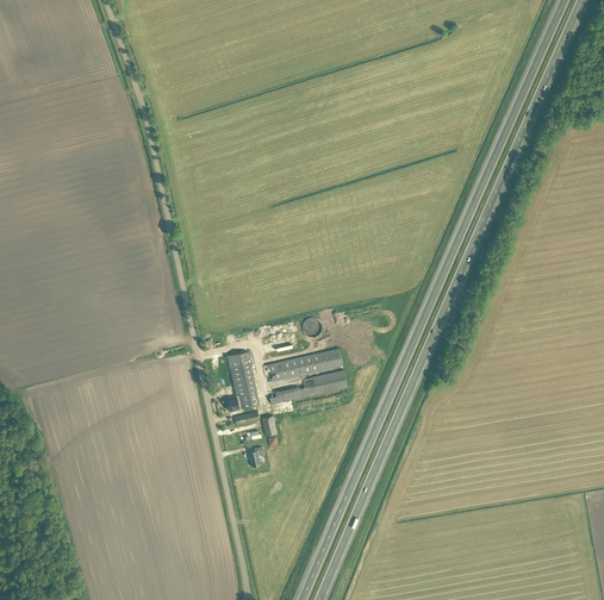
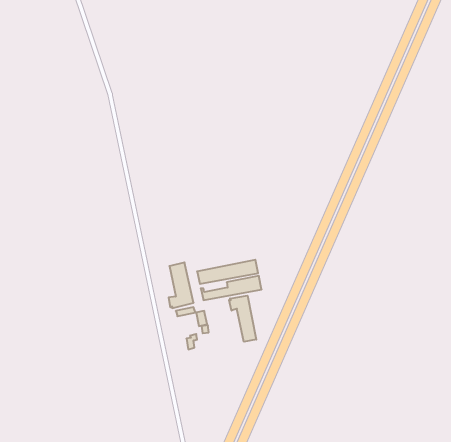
building: none -> [229,296,256,342]

